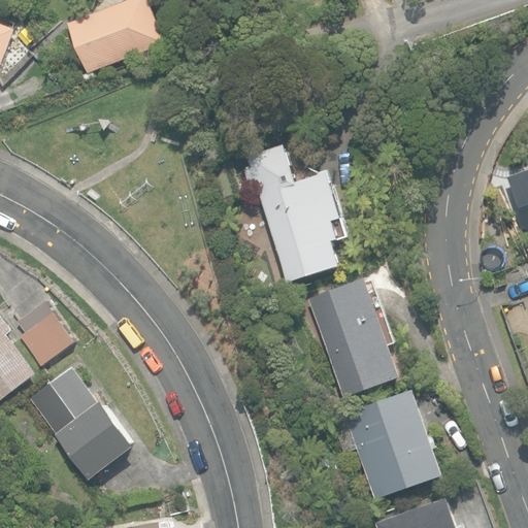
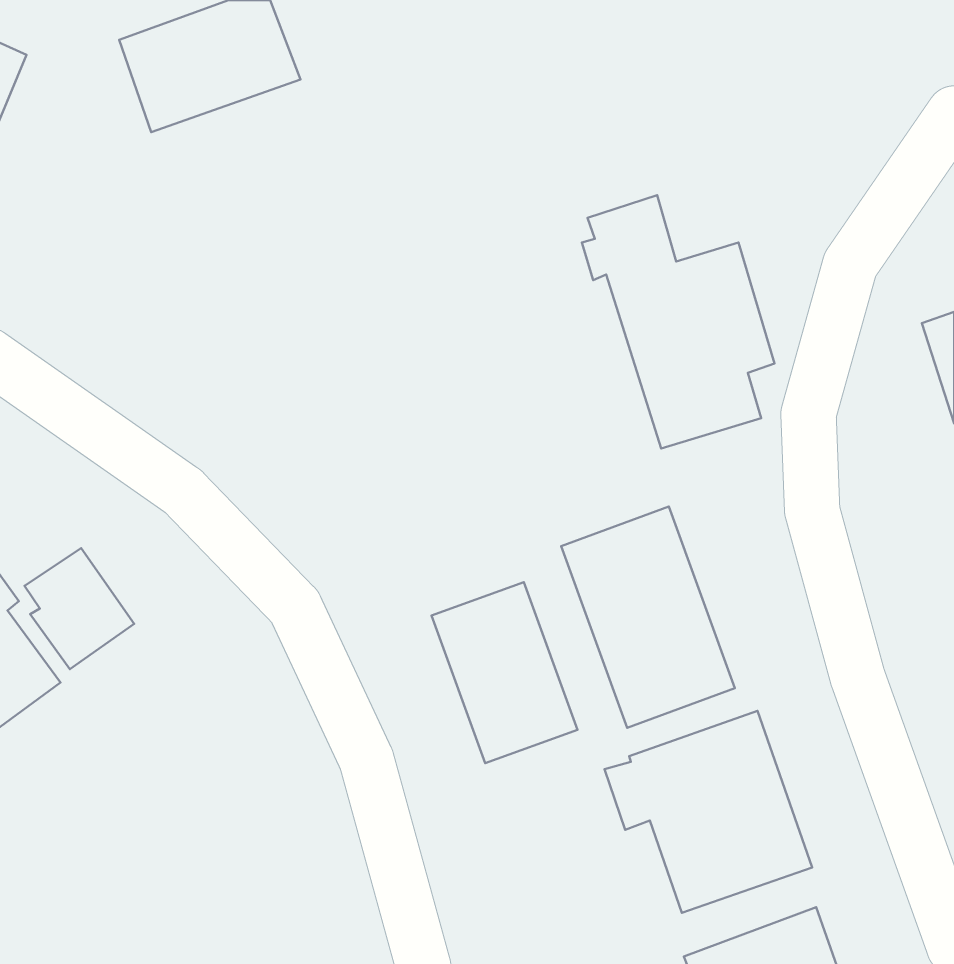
building: [241,144,346,283] -> [582,195,774,448]
building: none -> [431,582,578,763]
building: [28,367,135,480] -> none

